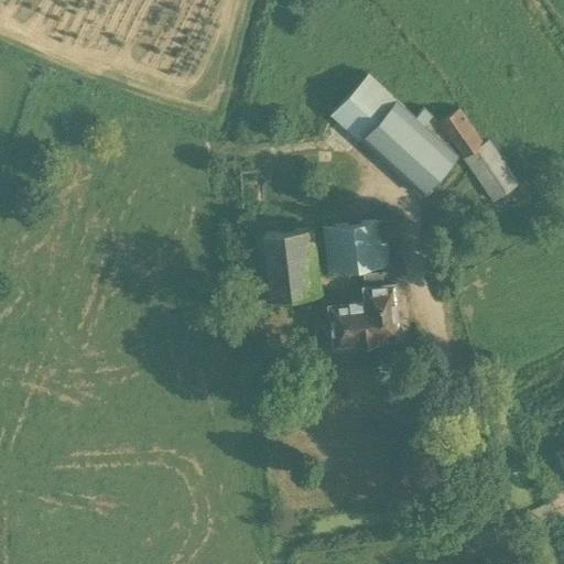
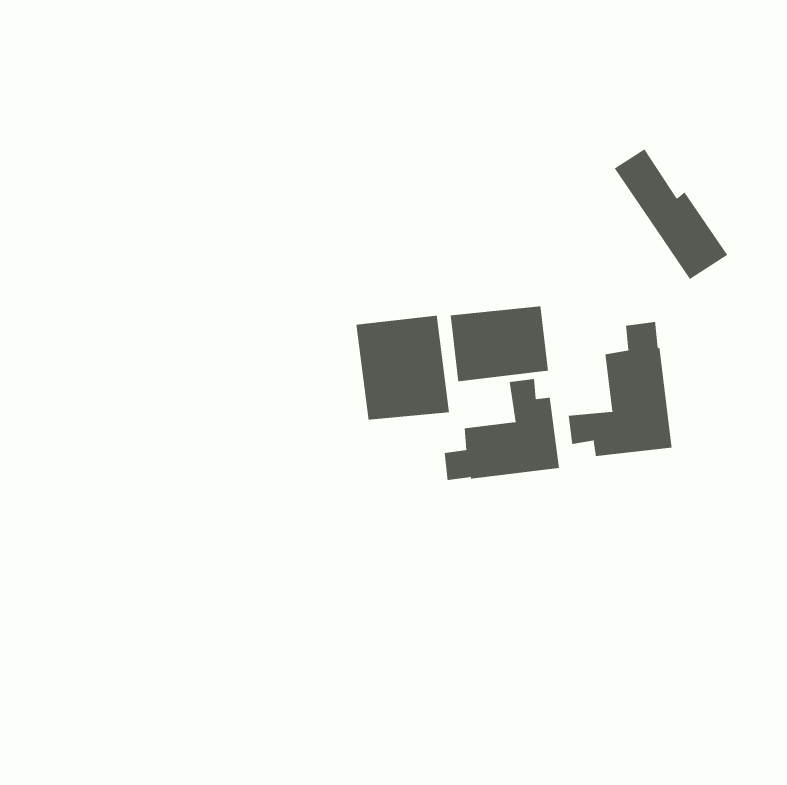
building: [332,74,459,200] -> none
building: none -> [568,321,672,457]

